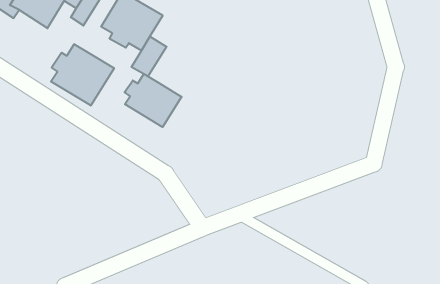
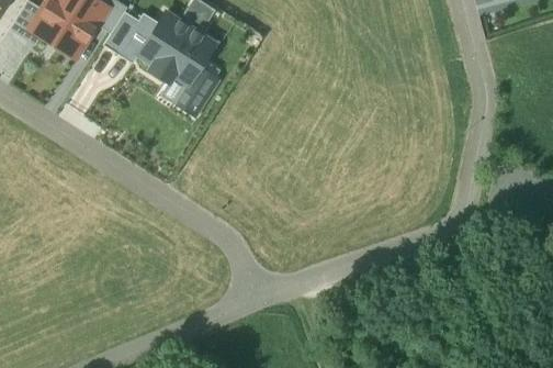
building: [51,44,114,106] -> none
building: [125,74,182,127] -> none

